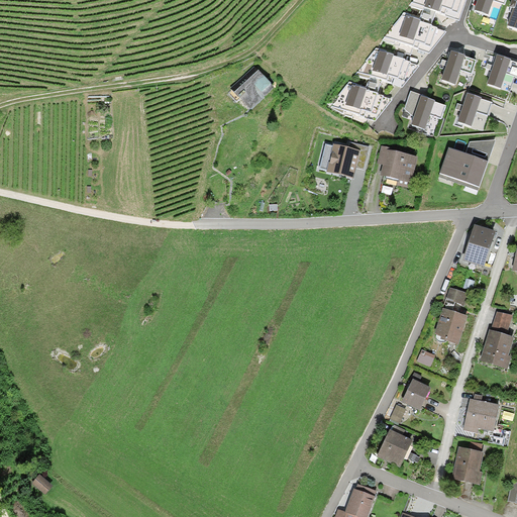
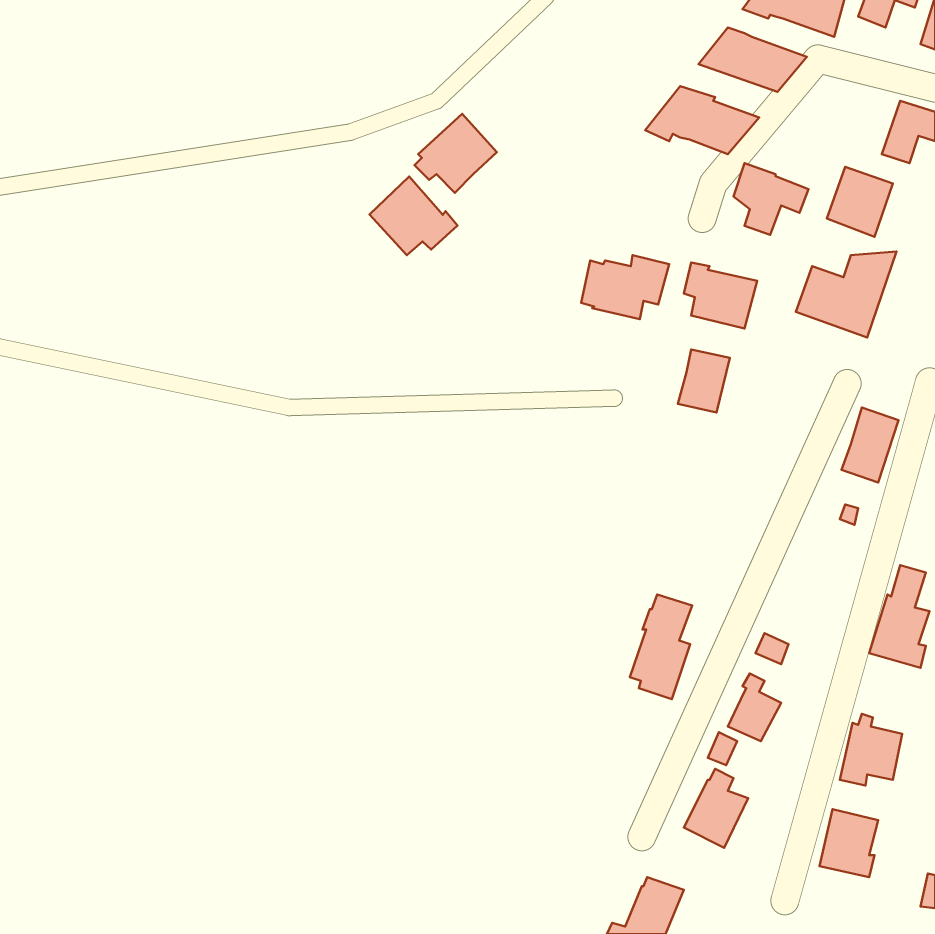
building: [441,51,476,83] -> none
building: [330,82,391,118] -> none
building: none -> [370,176,458,255]
building: none -> [678,349,730,412]
building: [434,287,469,344] -> [630,595,692,699]

